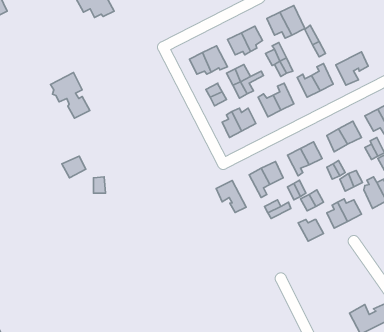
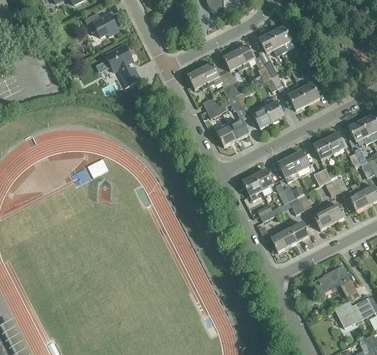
building: [336,52,368,85] -> none
building: [50,72,90,118] -> [104,44,140,86]
building: [216,181,246,212] -> none
building: none -> [269,225,296,252]
building: none -> [313,265,358,300]

